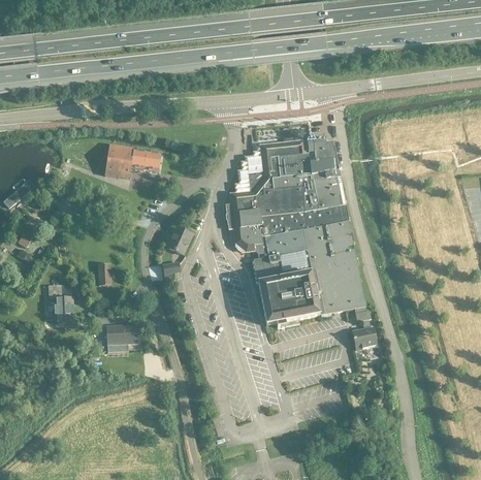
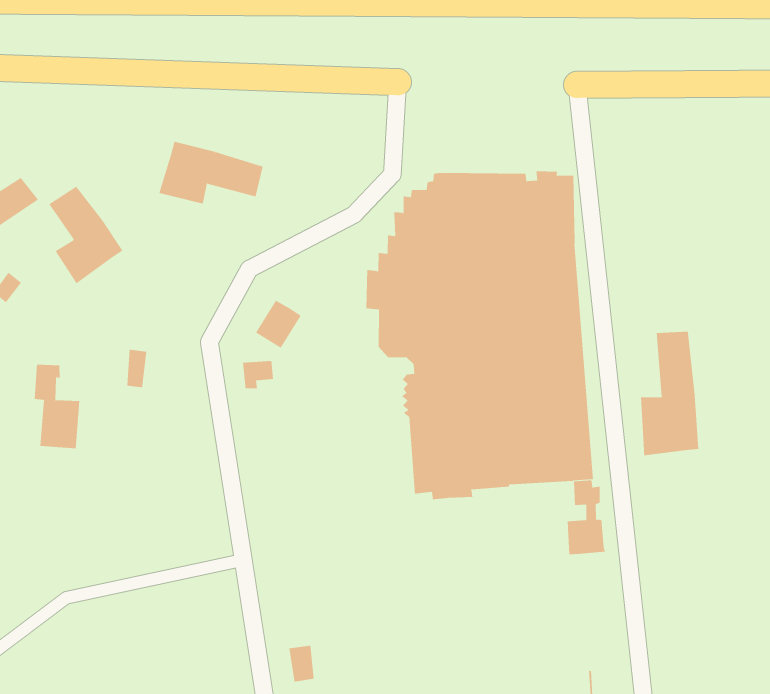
building: none -> [48,186,123,284]
building: none -> [641,331,699,456]
building: [106,324,140,353] -> none

